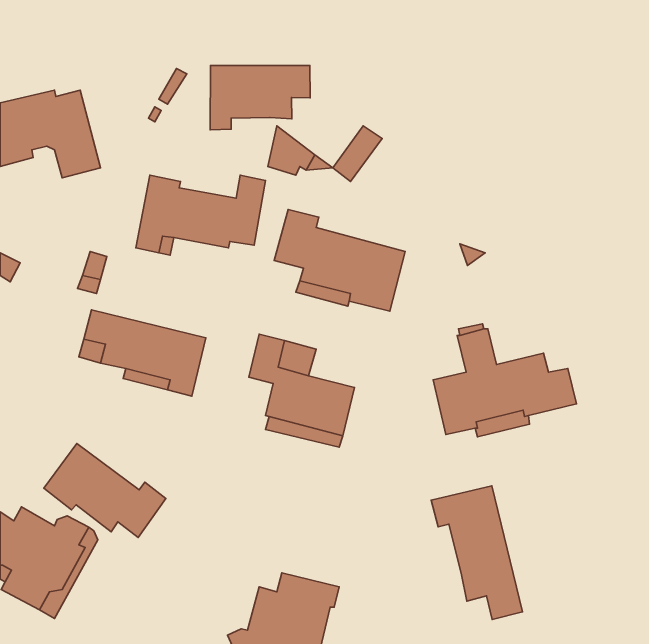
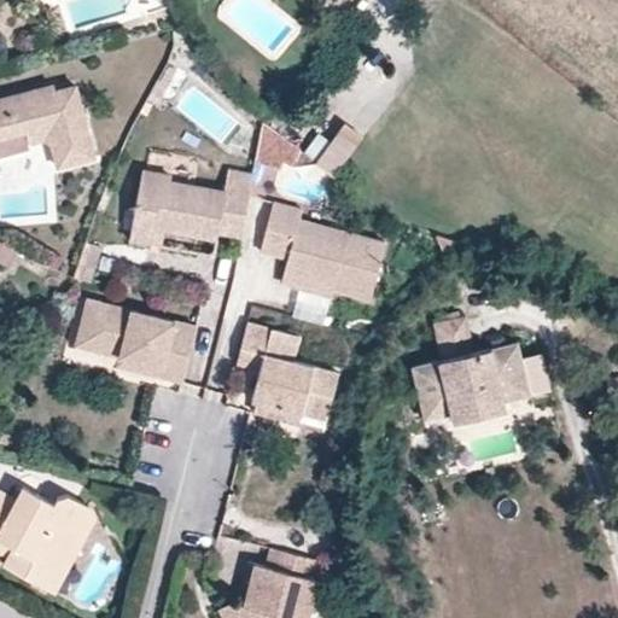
building: [210,66,310,130] -> none
building: [44,443,166,537] -> none
building: [431,486,523,620] -> none

